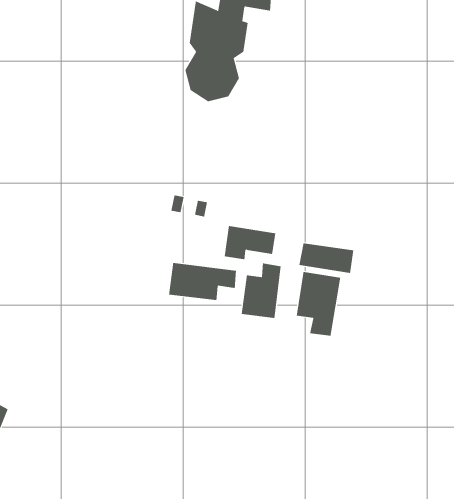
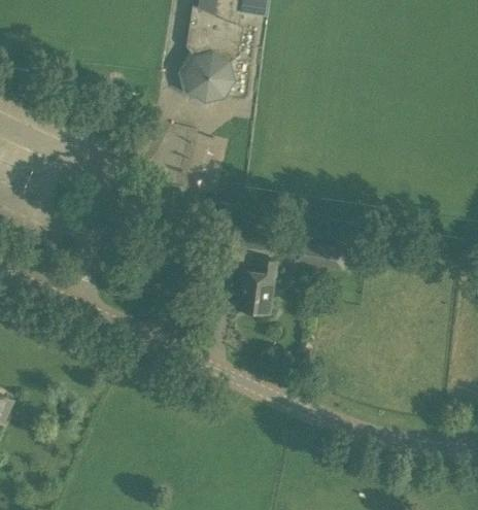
building: [169,262,236,301] -> none
building: [296,271,341,337] -> none

